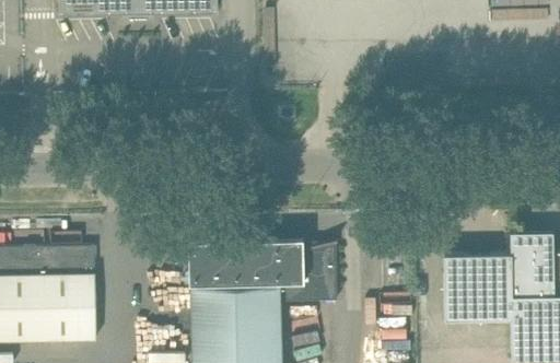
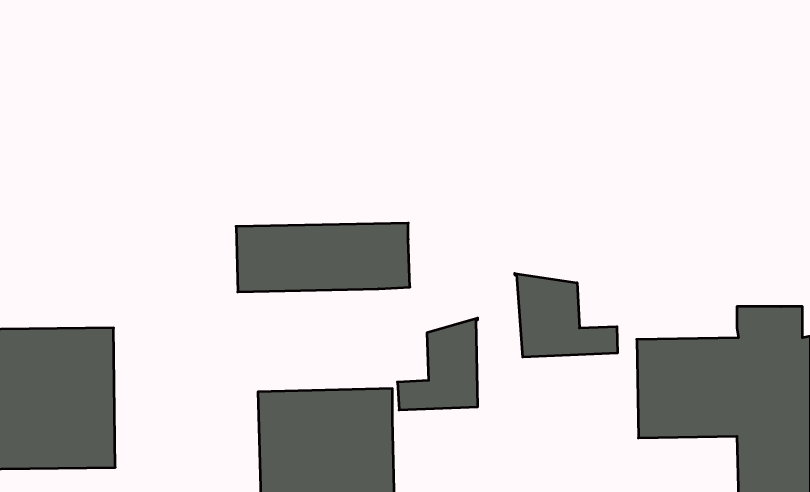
building: none -> [515,273,617,357]
building: [188,239,304,285] -> [236,223,410,292]

